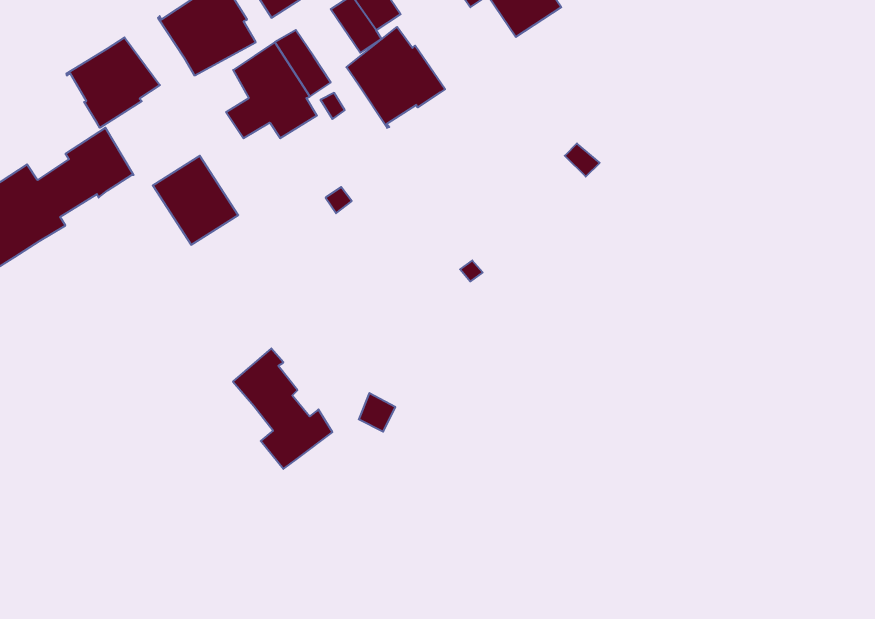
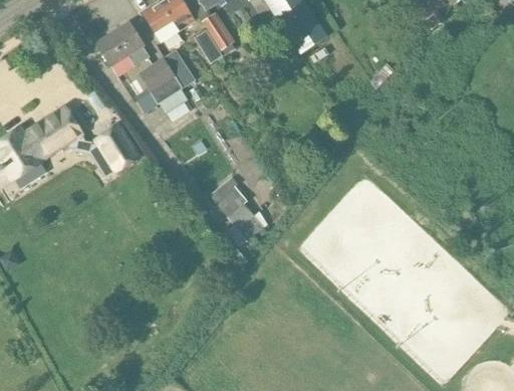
building: [346,27,445,128] -> none
building: [66,37,160,128] -> none
building: [233,348,332,469] -> [210,176,267,245]

